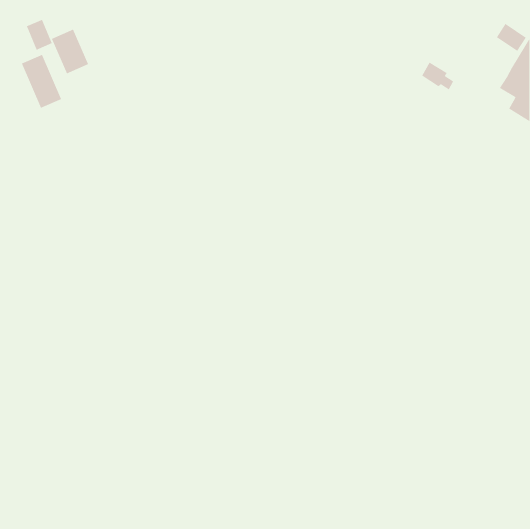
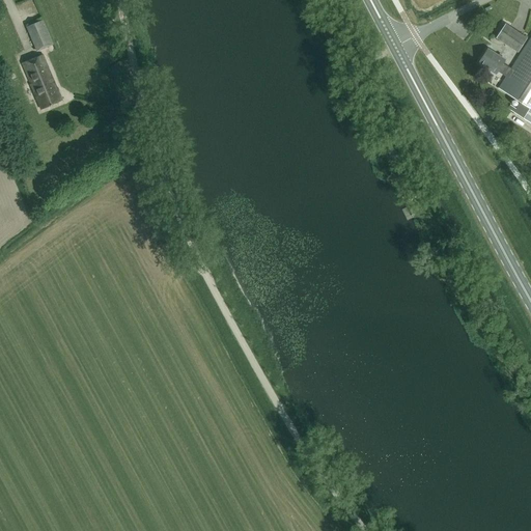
building: [51,28,89,75] -> none
building: [421,61,454,90] -> [478,48,511,77]

